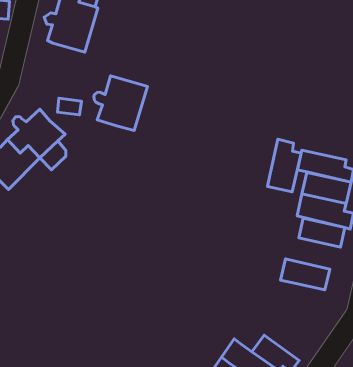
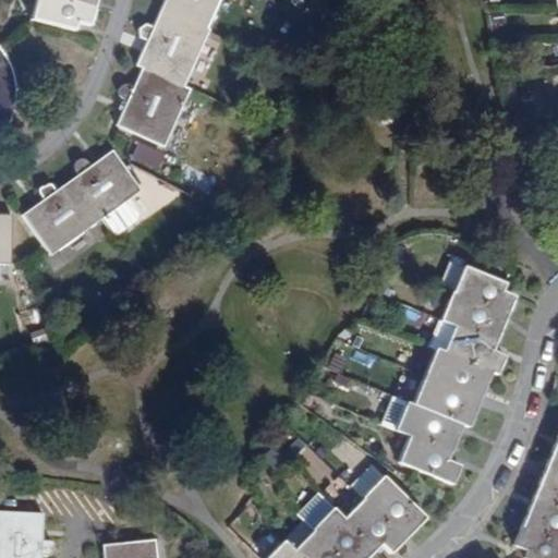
building: [94,76,147,131] -> [116,68,189,145]
building: [267,139,301,192] -> none
building: none -> [417,375,482,426]
building: none -> [399,433,461,482]
building: none -> [351,464,425,537]

